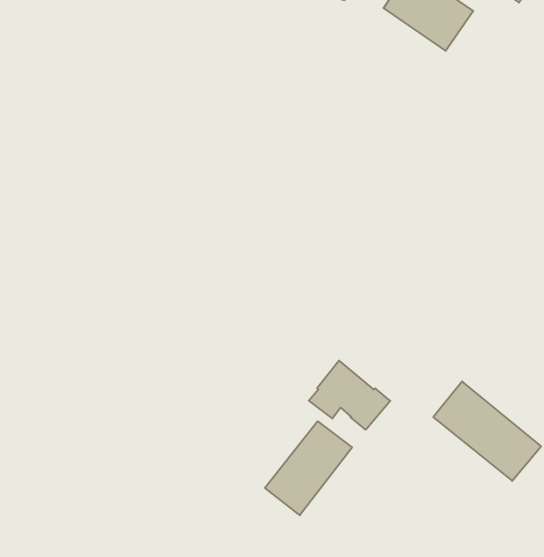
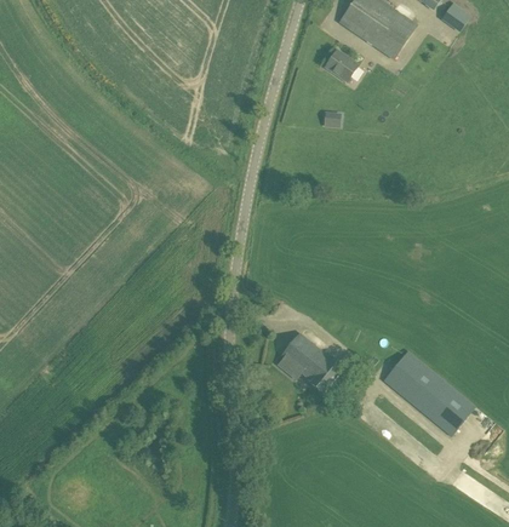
building: none -> [325,48,358,81]
building: [265,421,352,515] -> none

